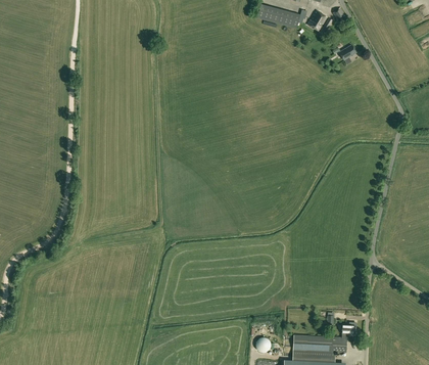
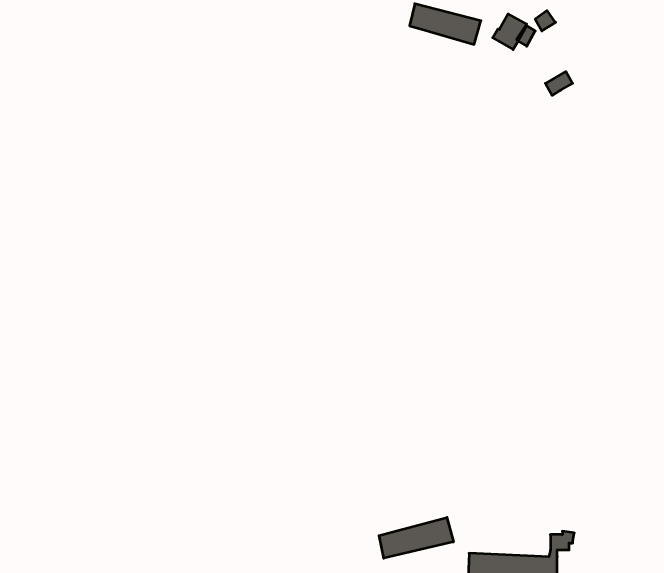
building: none -> [379,517,453,558]

